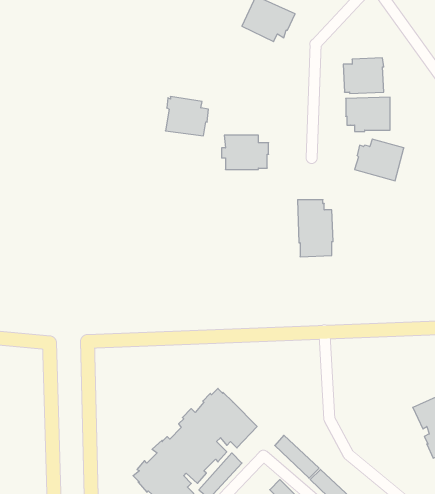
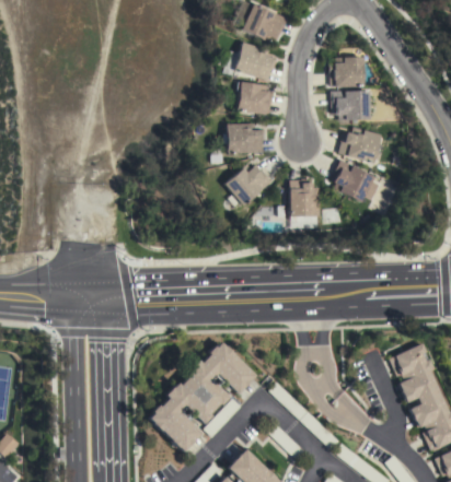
building: none -> [234,43,276,81]
building: [165,97,208,136] -> [236,81,274,115]
building: none -> [332,160,380,202]
building: none -> [226,165,273,209]

